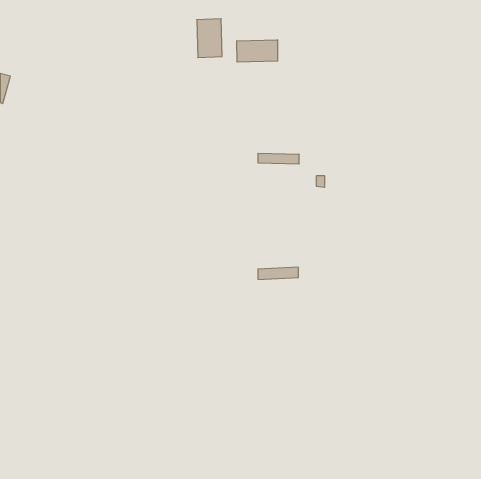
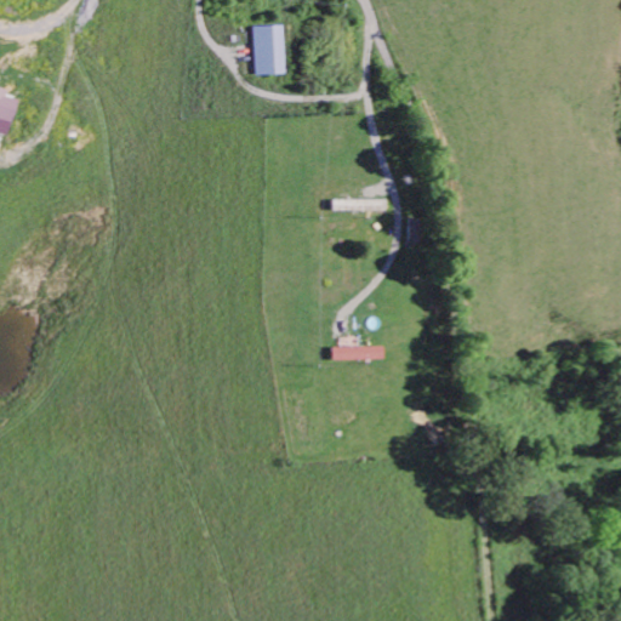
building: [237,40,278,62] -> none

